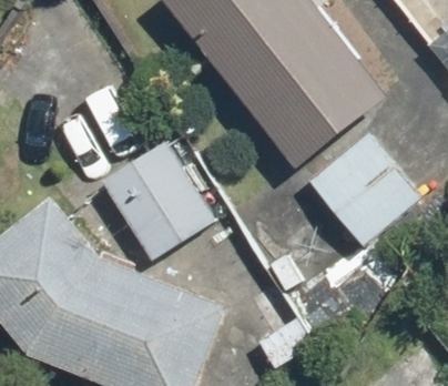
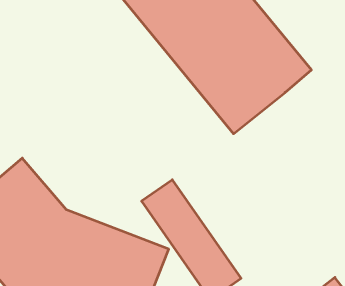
building: [299,121,421,245] -> none
building: [99,142,213,262] -> none

